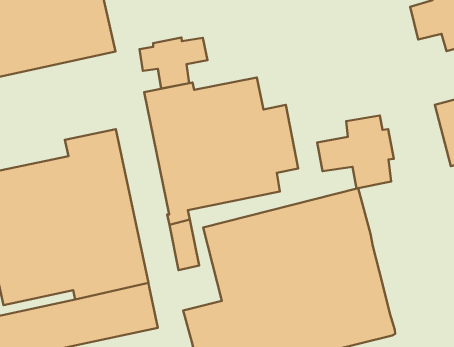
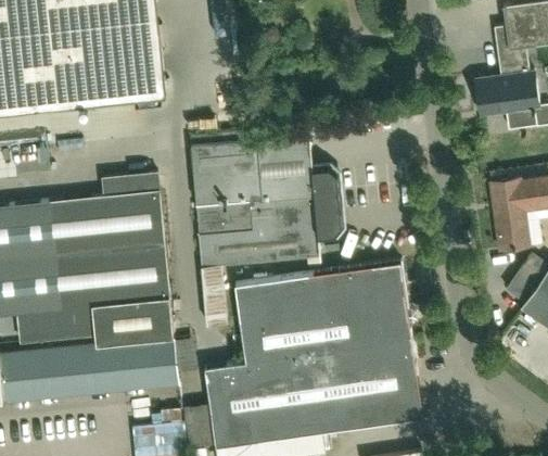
building: [139,38,207,89] -> none
building: [317,115,394,188] -> none

